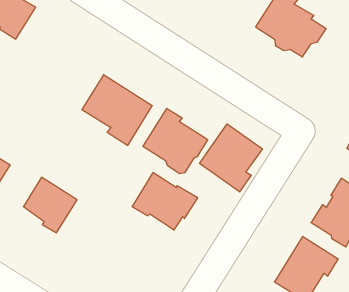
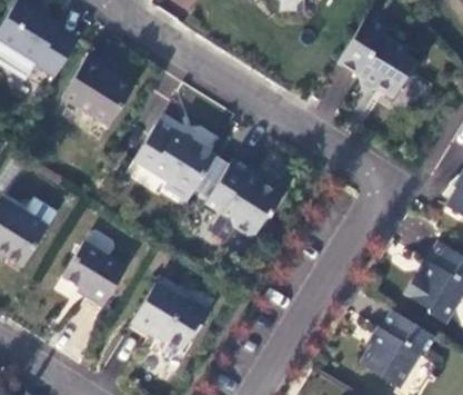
building: none -> [60,53,132,127]
building: [200,124,262,192] -> none
building: [132,173,198,230] -> [131,282,209,349]

